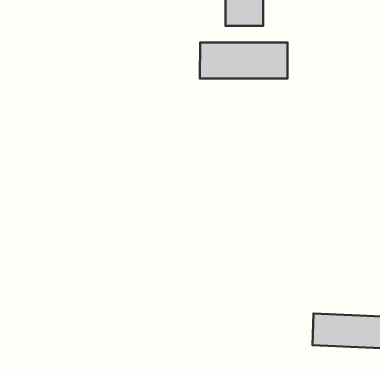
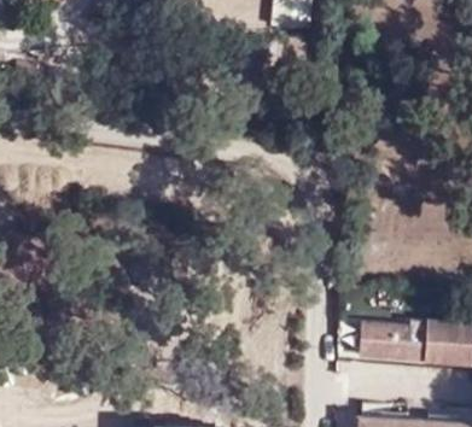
building: [200,42,288,79] -> none

